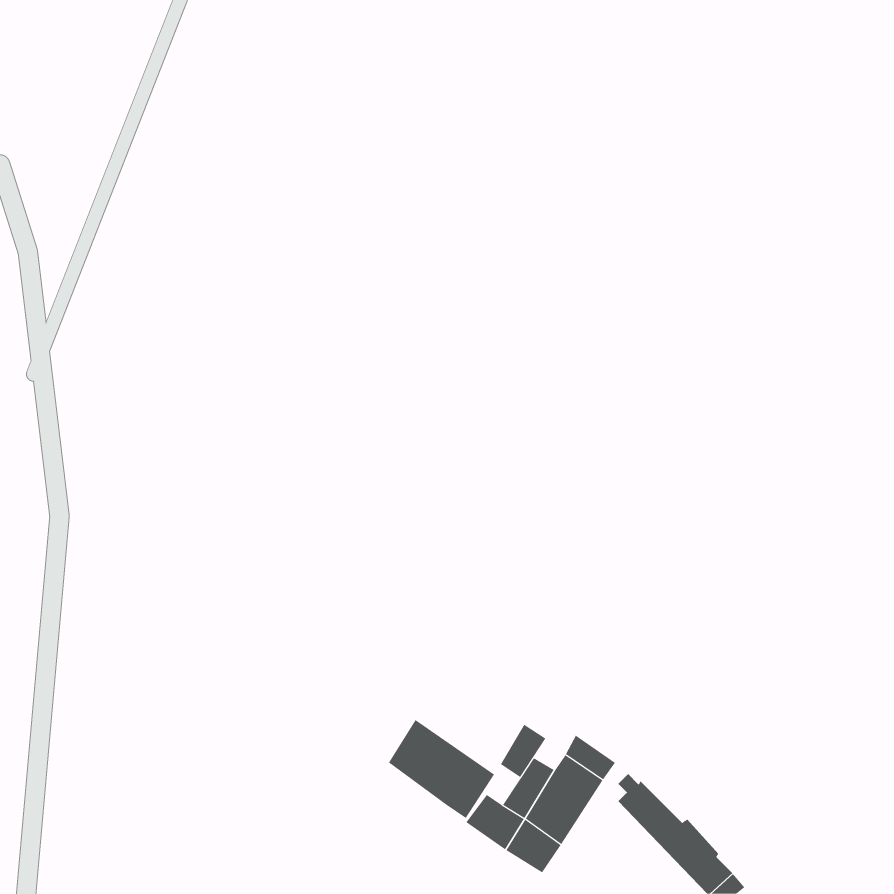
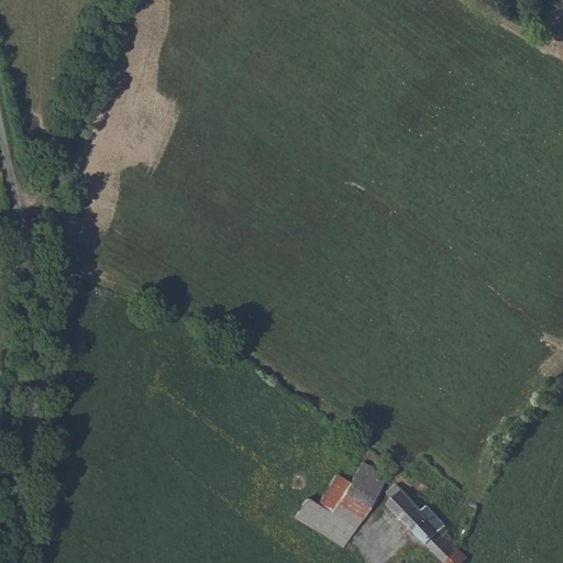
building: [388,719,495,819] -> none
building: [500,724,546,778] -> none

